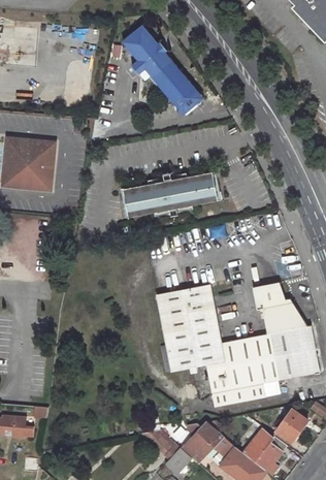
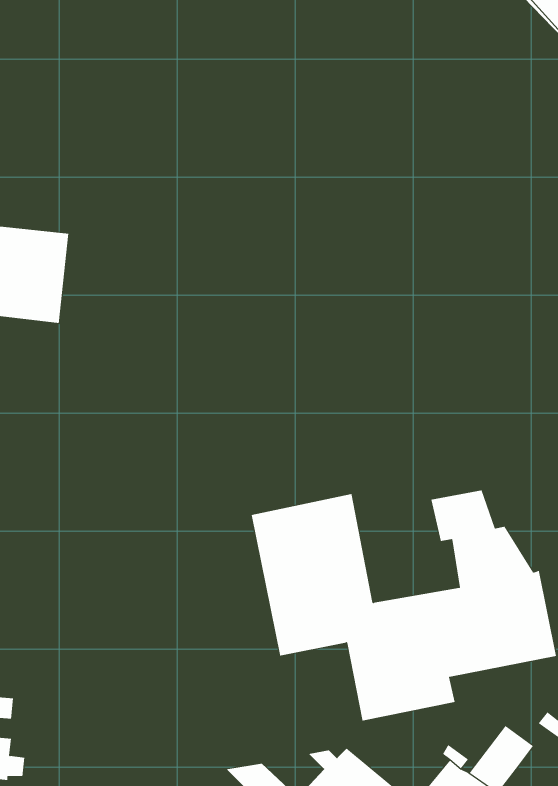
building: [122,28,200,116] -> none
building: [123,170,222,218] -> none

